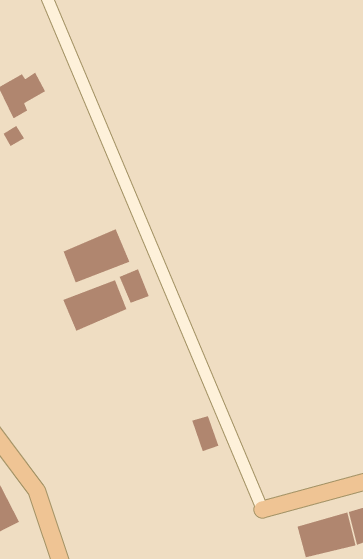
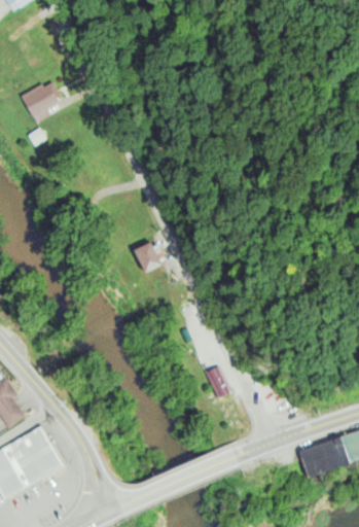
building: [62,228,131,284] -> none
building: [62,279,127,332] -> none

